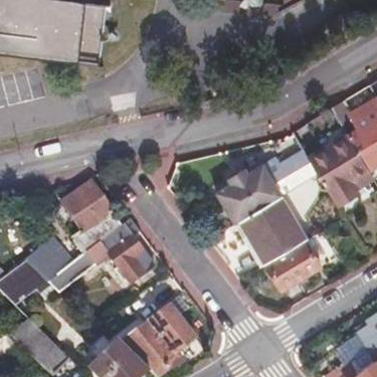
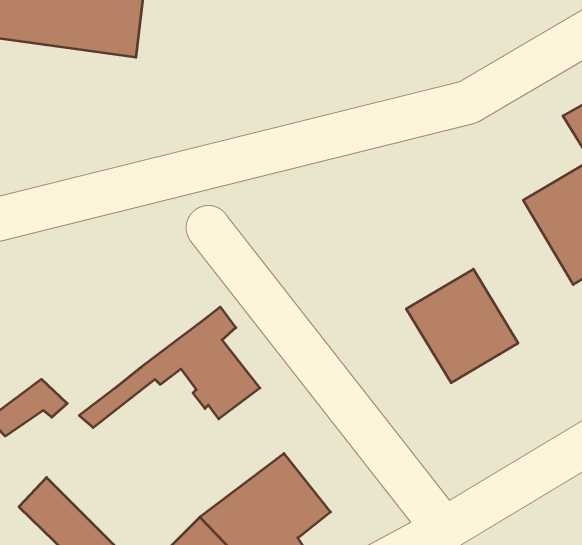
building: [216,146,319,221] -> none
building: [65,181,123,252] -> none
building: [266,238,321,287] -> none
building: [27,240,70,280] -> none

